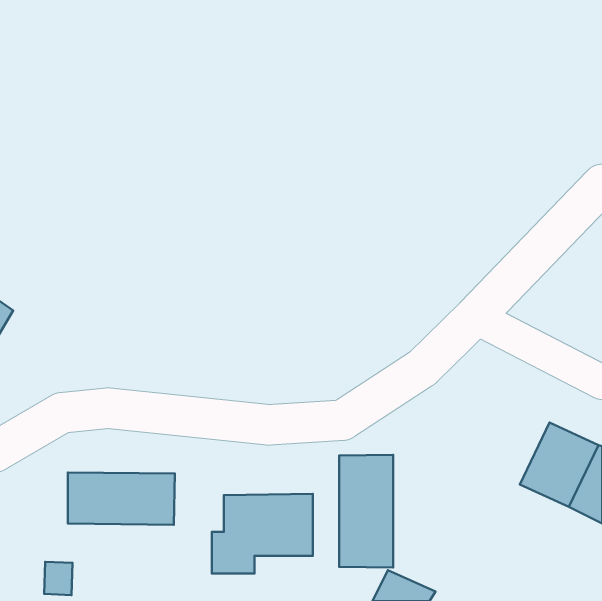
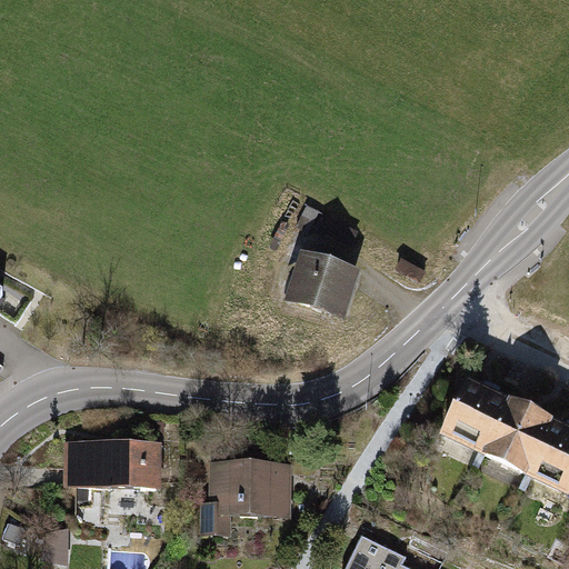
building: none -> [277,247,353,317]
building: none -> [447,376,513,452]
building: [339,455,393,568] -> none

